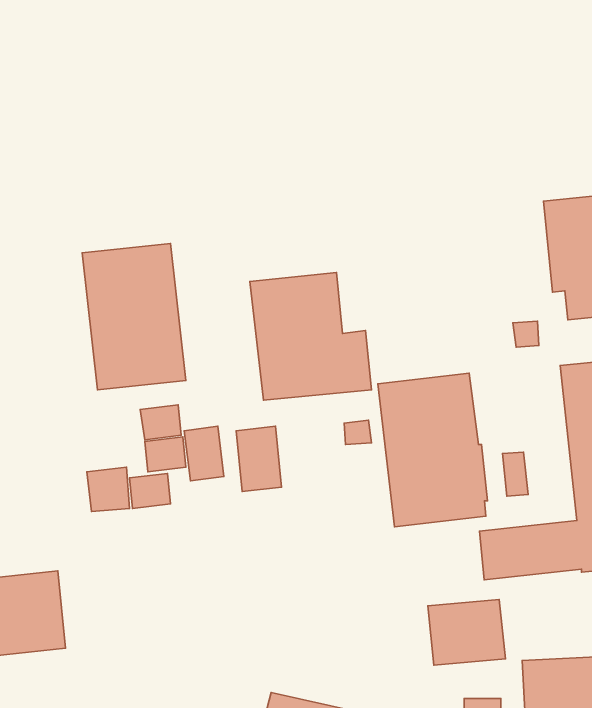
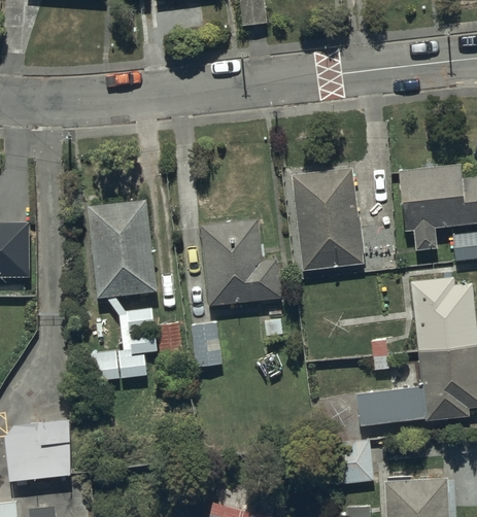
building: [378,373,487,527] -> [291,167,365,271]

